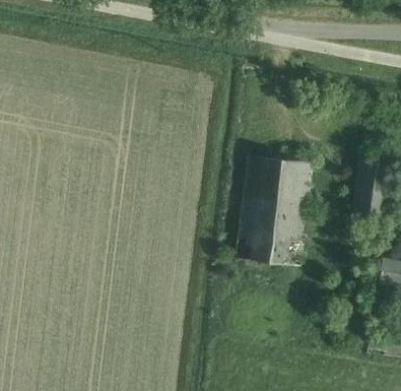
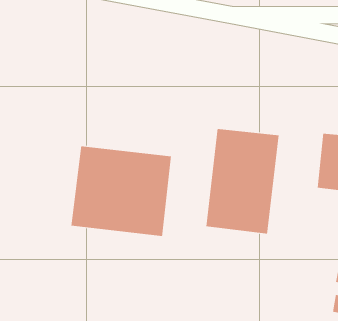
building: none -> [71,145,171,237]

